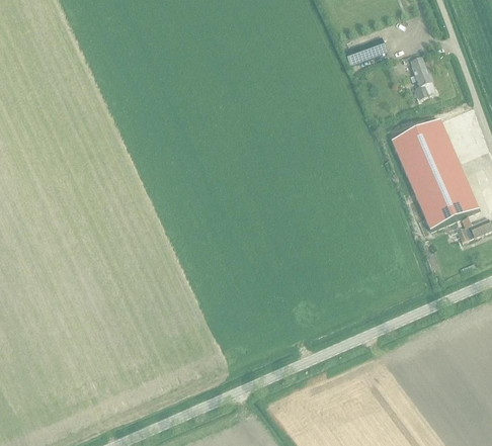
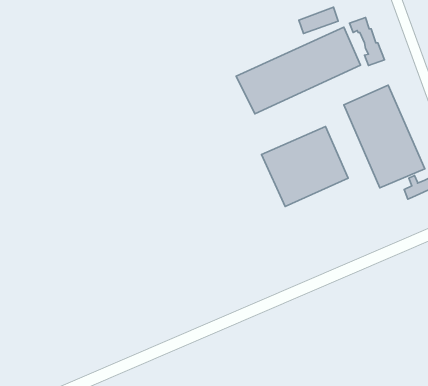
building: none -> [236,27,361,114]
building: none -> [261,126,348,206]

